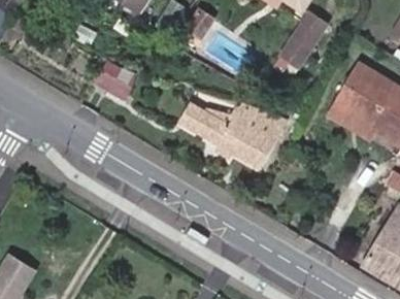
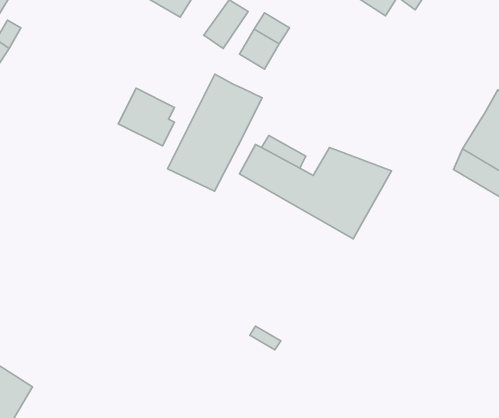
building: [280,12,325,65] -> none
building: none -> [167,74,262,191]

